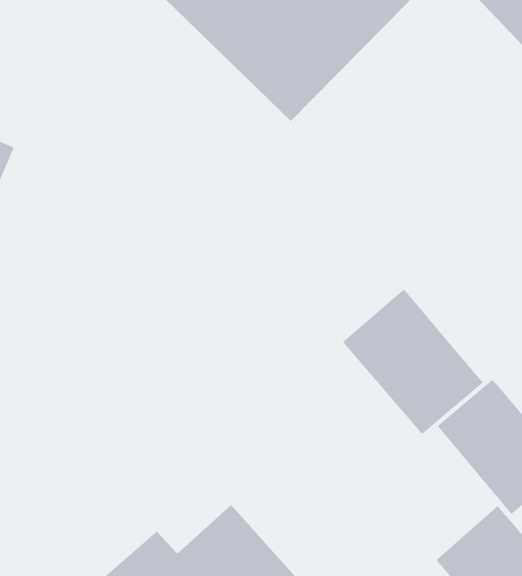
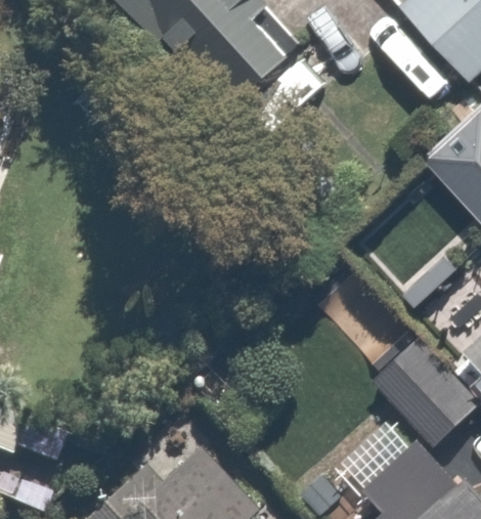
building: [342,289,483,435] -> none

